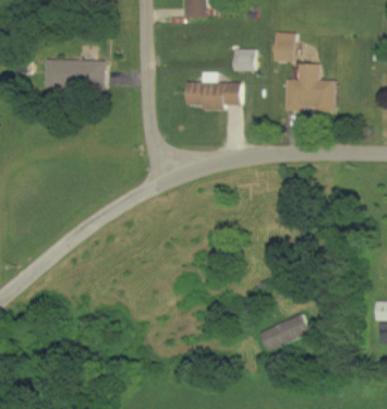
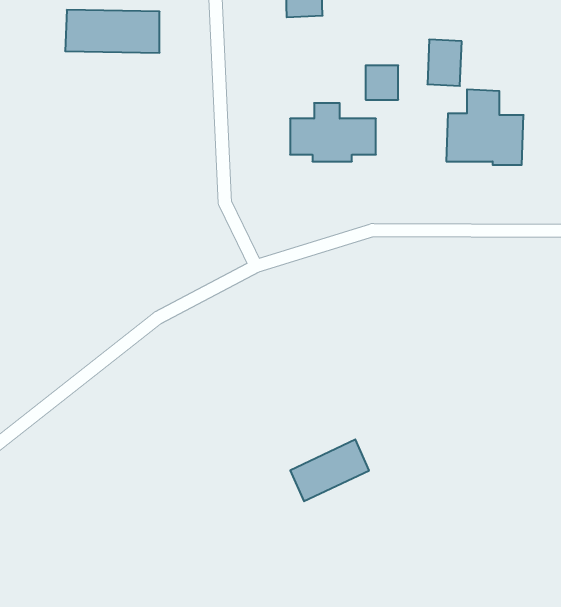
building: [45,60,105,87] -> [65,10,160,53]
building: [261,314,311,353] -> [290,439,369,501]

